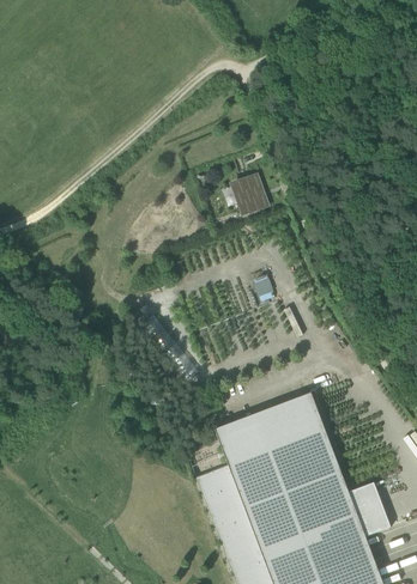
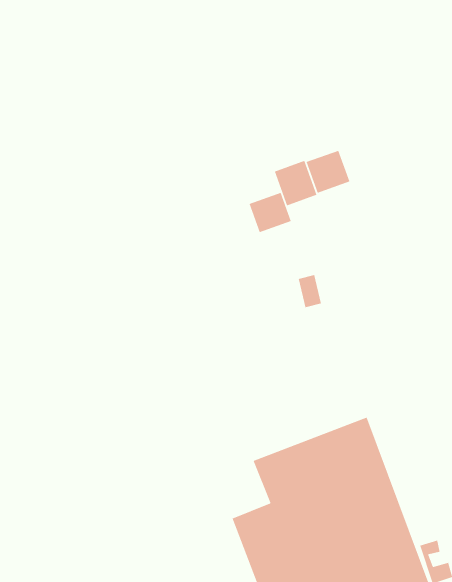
building: none -> [306,150,350,194]
building: none -> [248,192,292,233]

